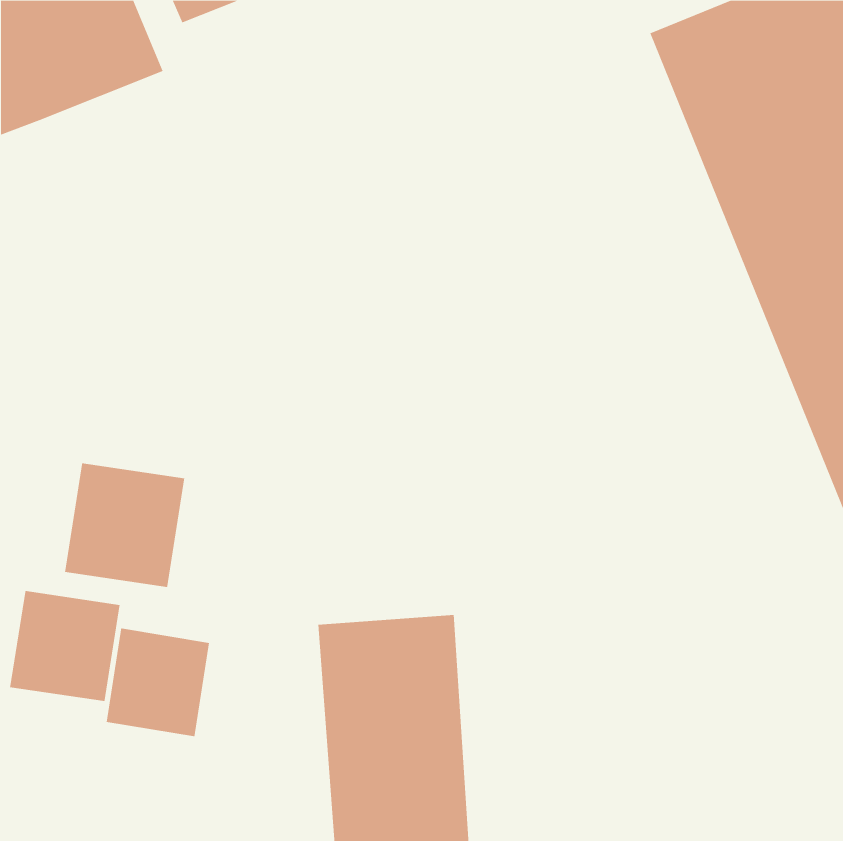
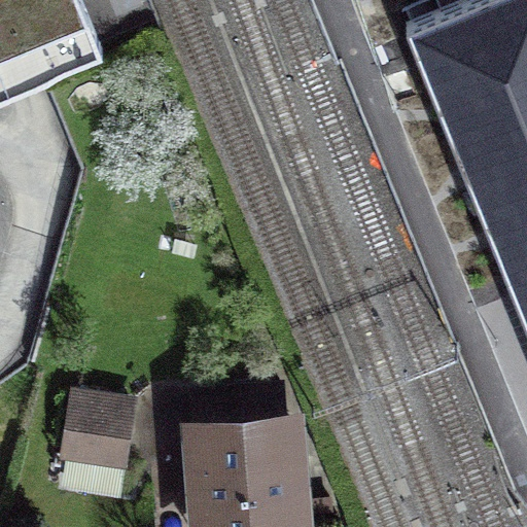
building: [65,463,185,588] -> none
building: [10,590,120,702] -> none

